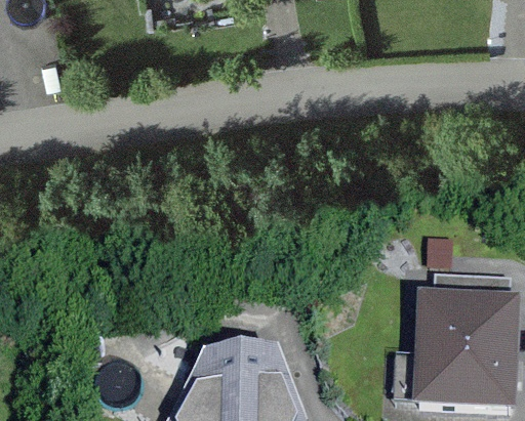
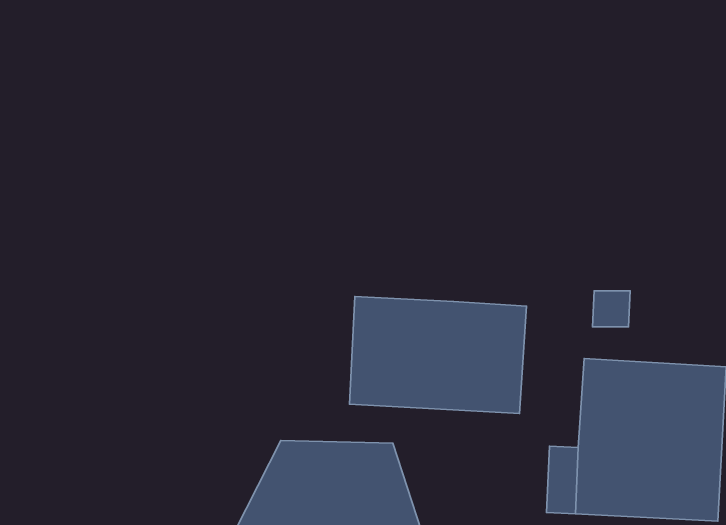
building: none -> [350,296,526,414]

